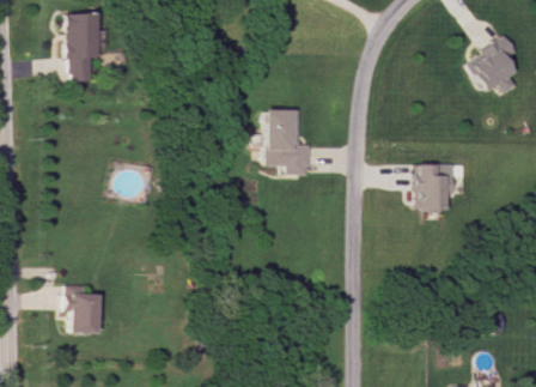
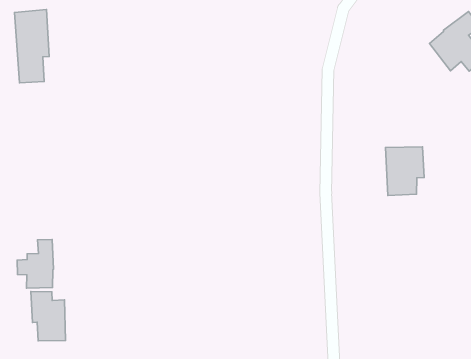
building: [266,108,311,175] -> none
building: none -> [17,239,53,288]

